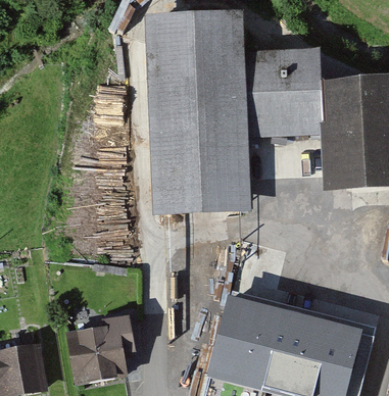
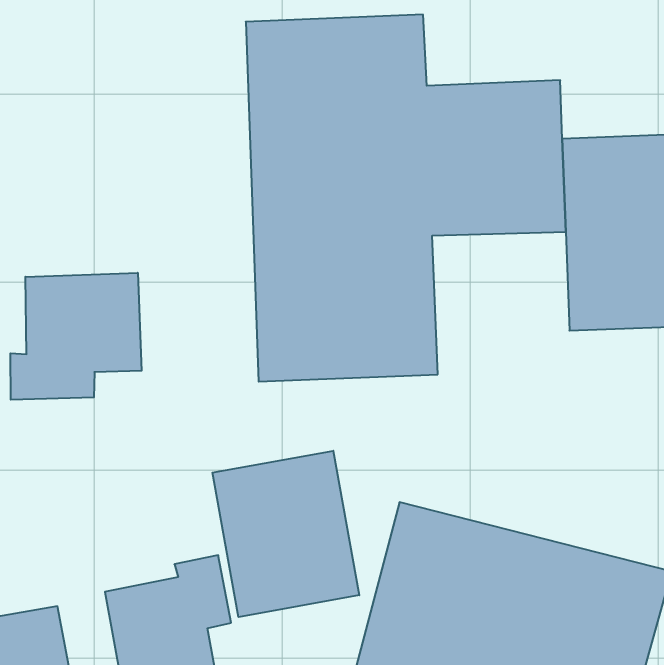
building: none -> [10,273,142,400]
building: none -> [212,451,359,617]

